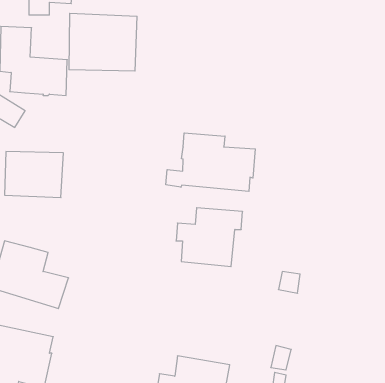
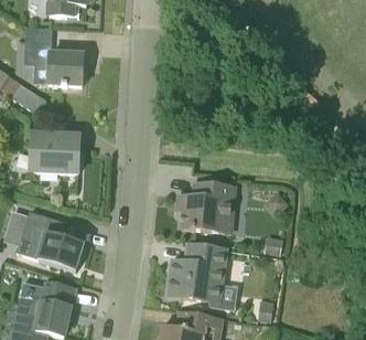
building: [69,13,137,71] -> none
building: [166,133,255,191] -> none
building: none -> [166,244,226,302]

